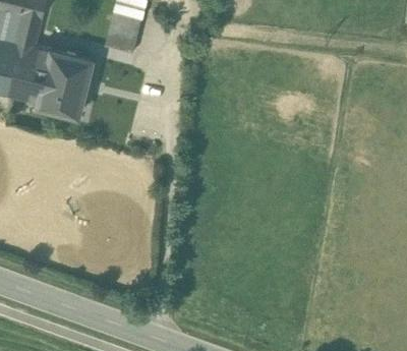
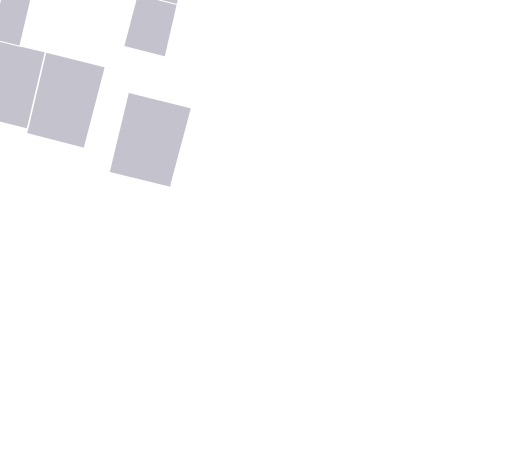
building: none -> [109,92,191,187]

